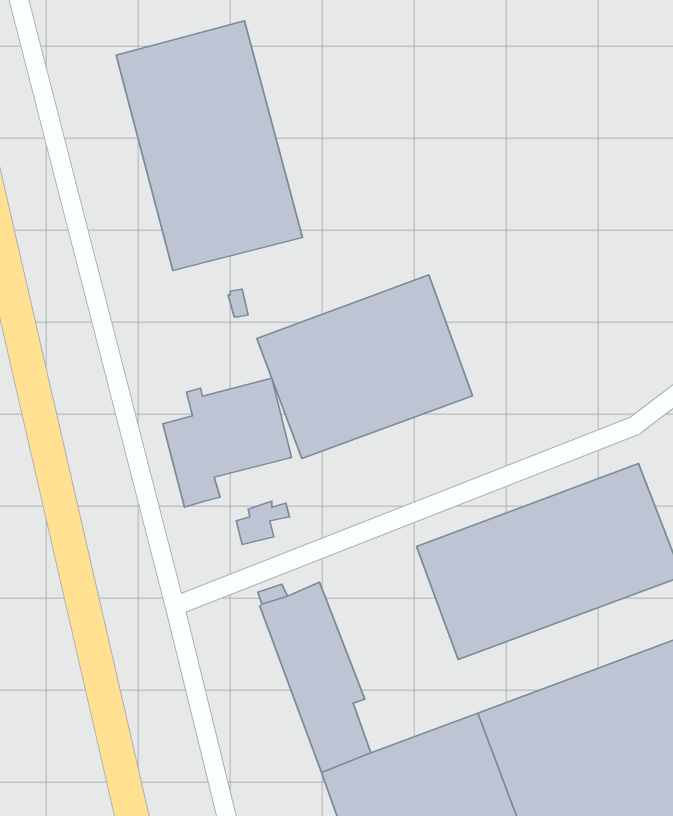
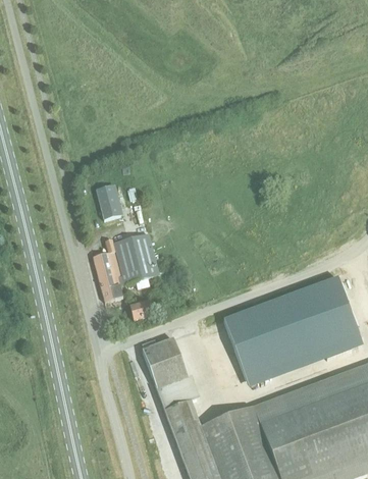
building: [116,21,302,271] -> none
building: [257,275,473,458] -> none
building: none -> [97,185,122,221]

